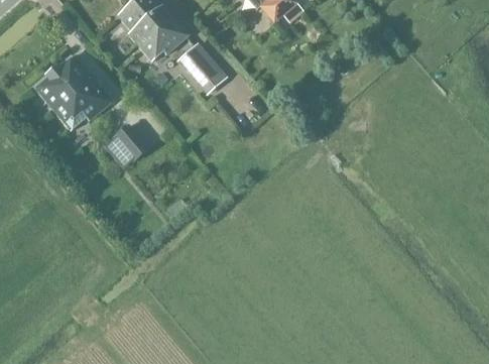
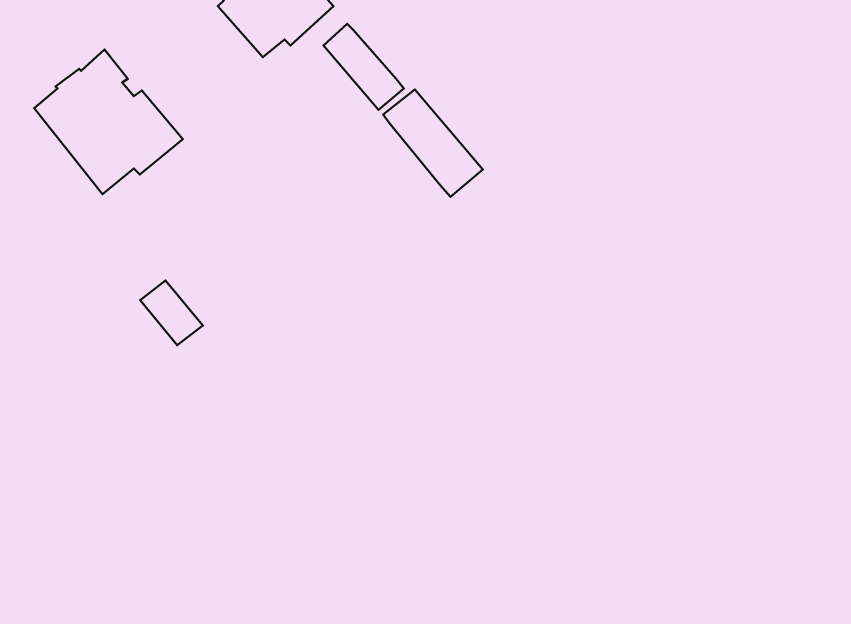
building: none -> [383,89,483,197]
building: [112,128,144,161] -> [140,281,203,345]

